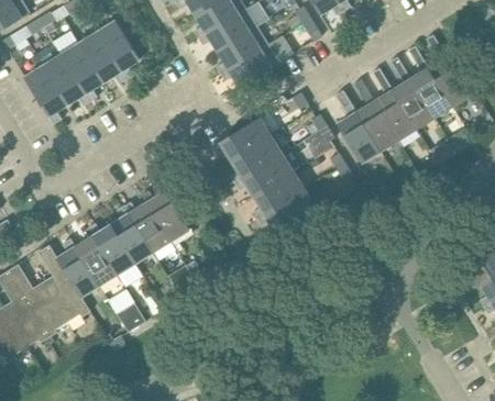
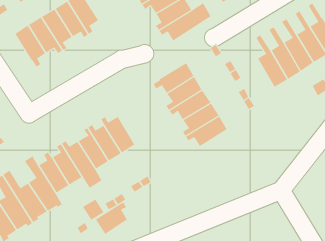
building: [336,90,380,161] -> none
building: none -> [95,202,128,235]

